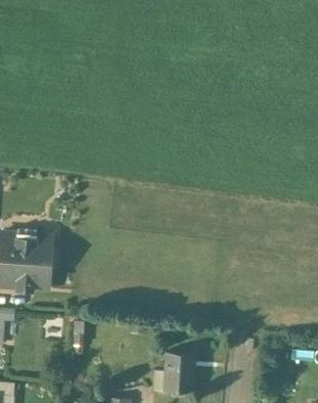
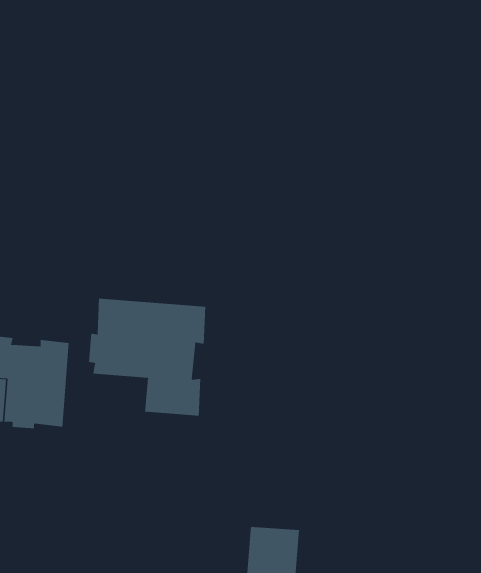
building: none -> [88,298,206,417]

